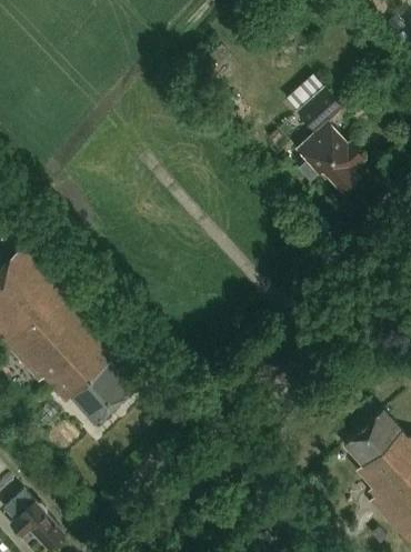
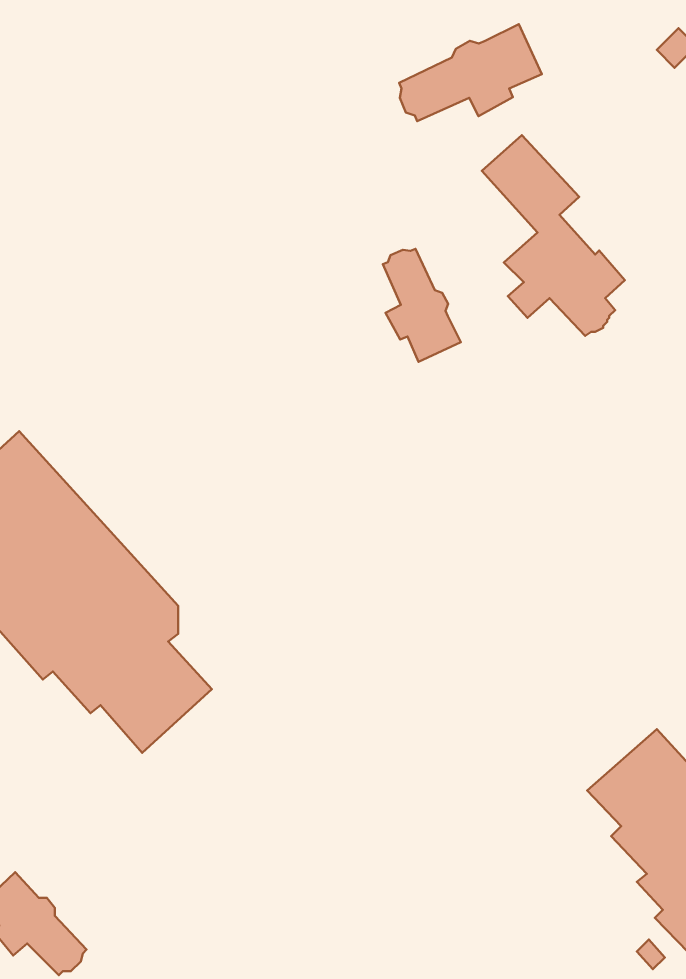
building: none -> [399,24,542,121]
building: none -> [383,249,461,362]

